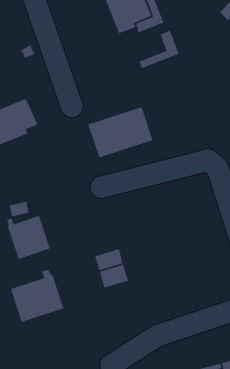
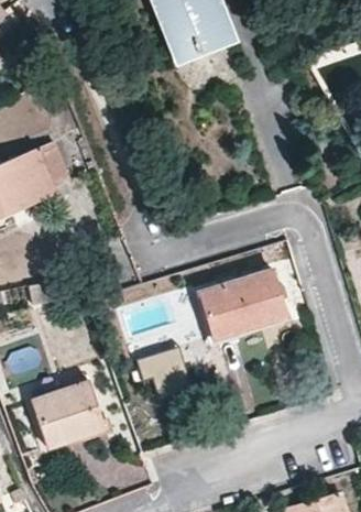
building: [138,29,180,69] -> none
building: [87,106,154,158] -> [196,270,285,340]
building: [6,215,51,260] -> none

